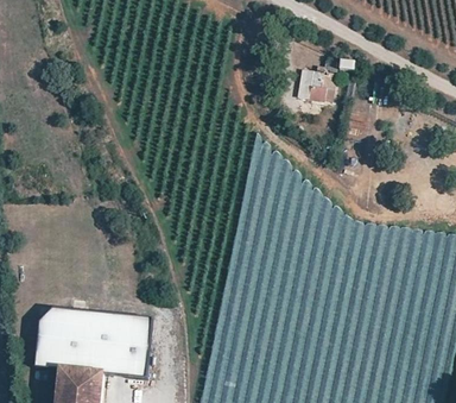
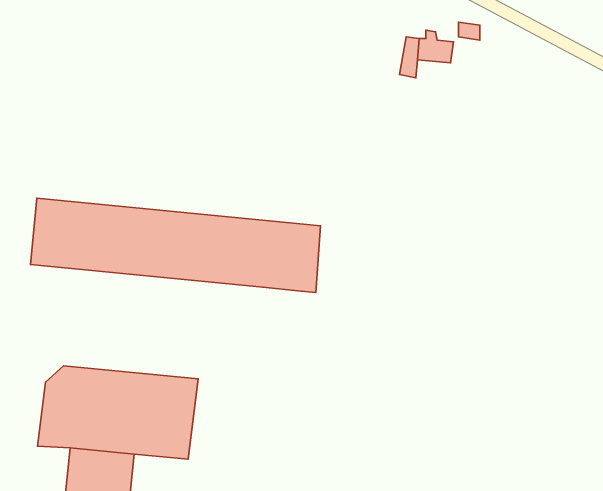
building: none -> [30,198,320,292]

